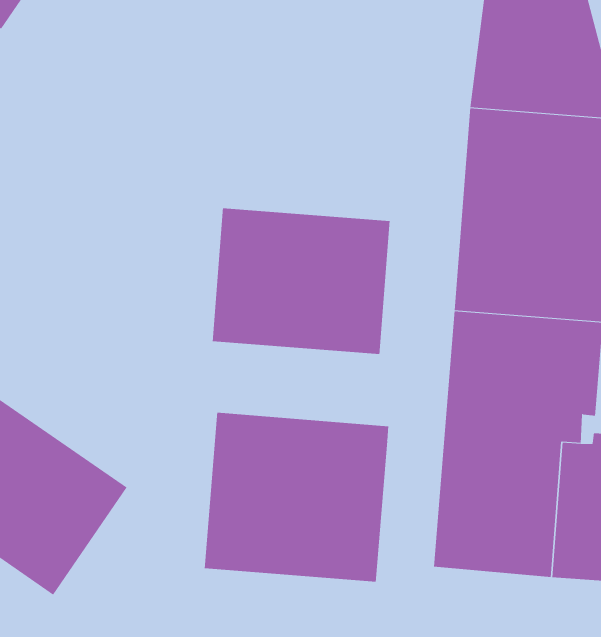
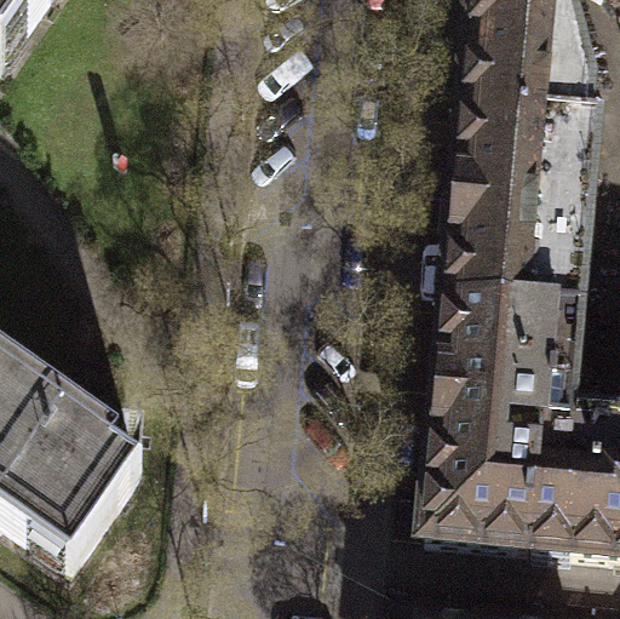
building: [212,208,390,355] -> none
building: [204,412,389,583] -> none

